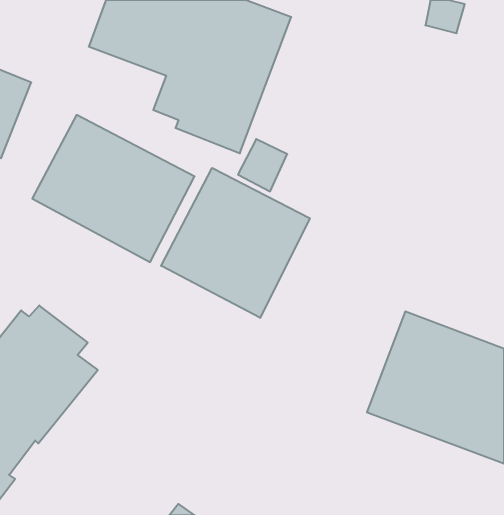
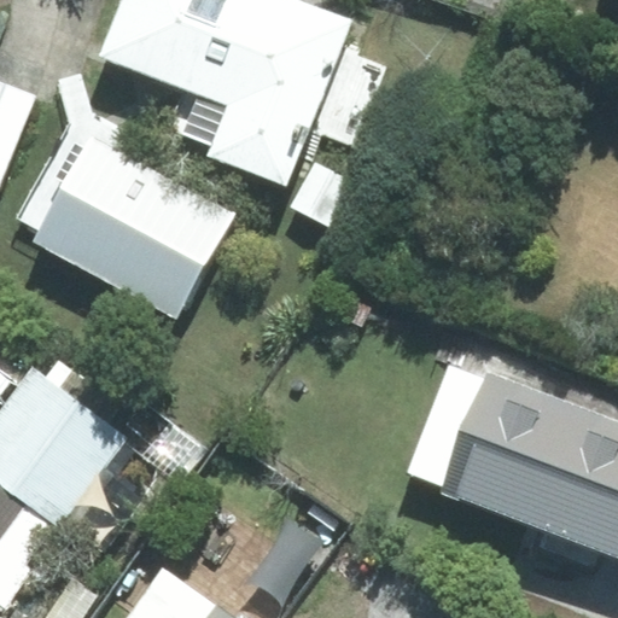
building: [161,168,310,318] -> none

